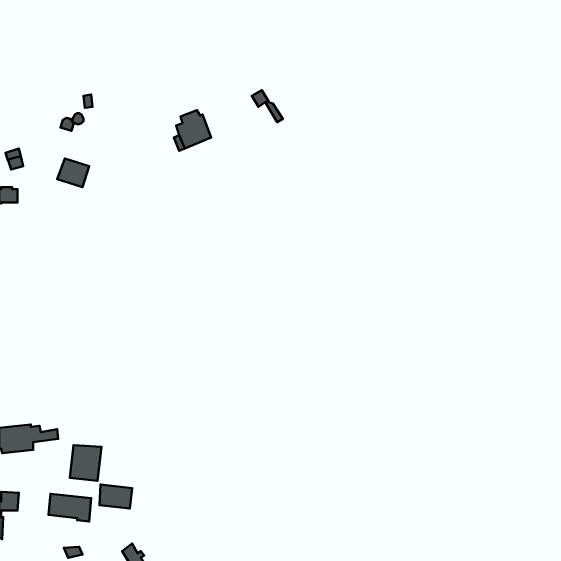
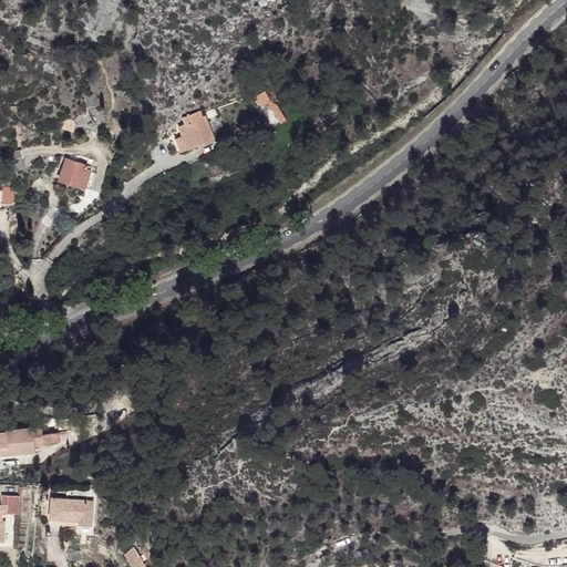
building: [70,445,102,481] -> none
building: [100,485,132,508] -> none

